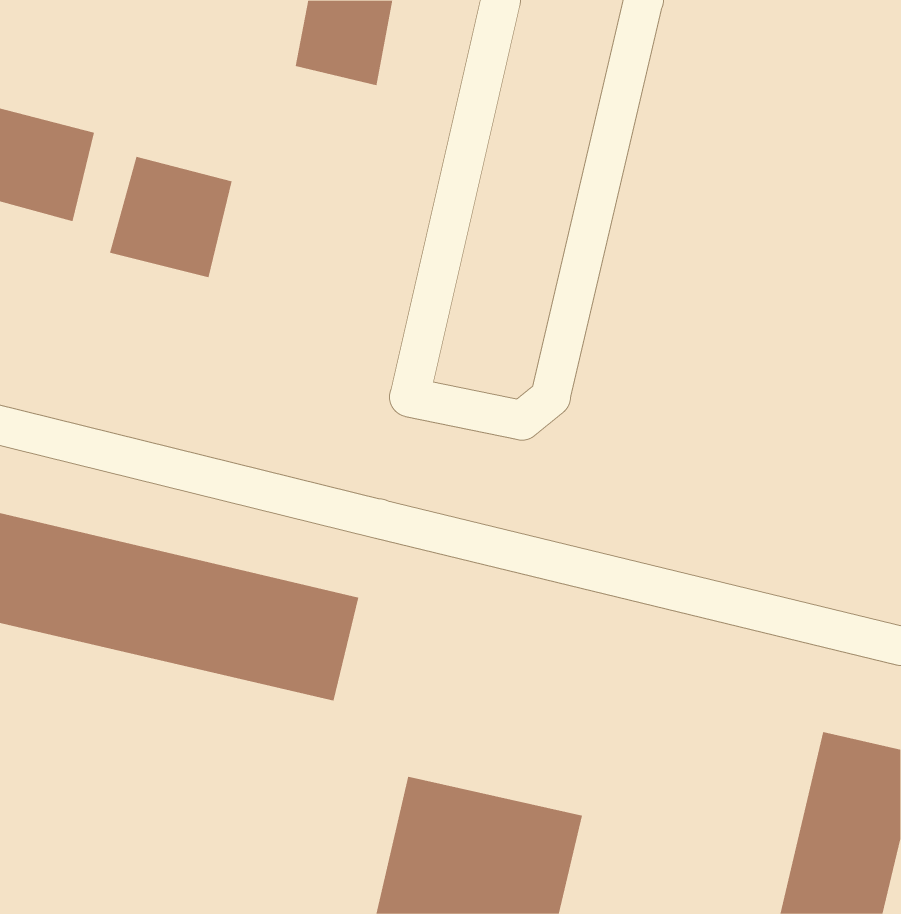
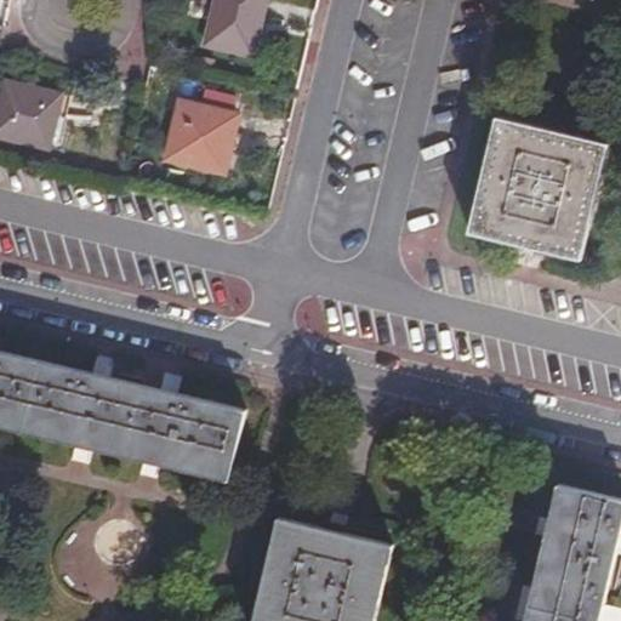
building: [109,156,233,278] -> [158,95,241,177]
building: none -> [463,118,599,258]

